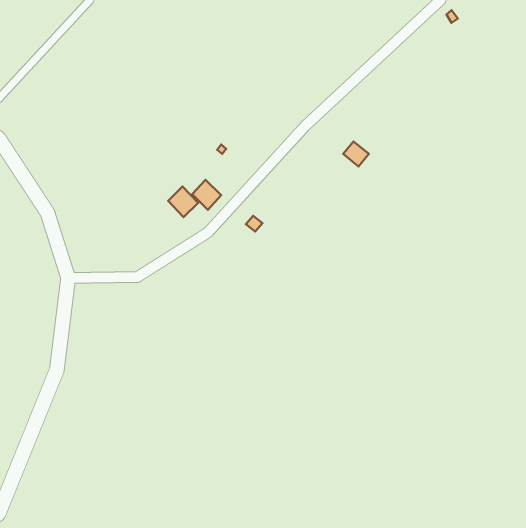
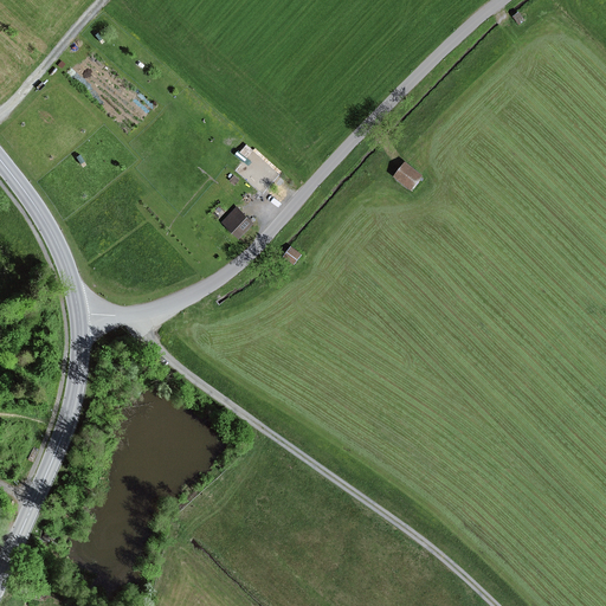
building: [168,186,198,217] -> none

